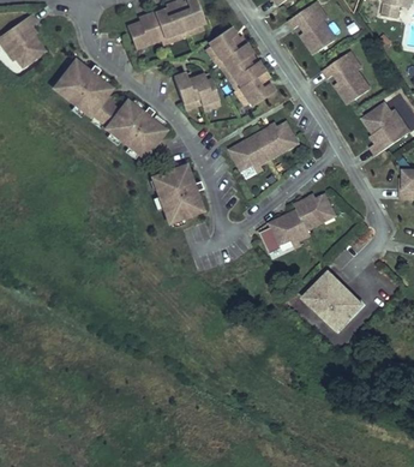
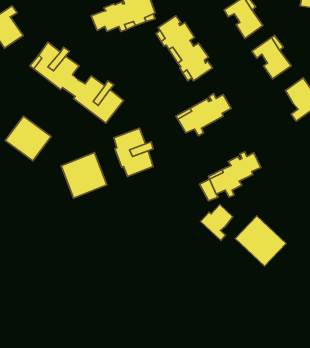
building: [172,72,220,107] -> none
building: none -> [5,116,51,161]
building: none -> [61,153,107,198]
building: none -> [201,205,233,240]

